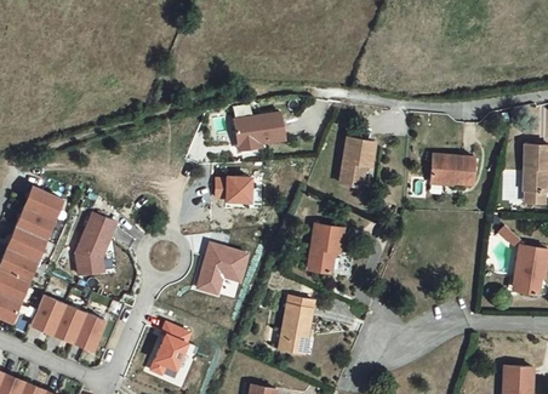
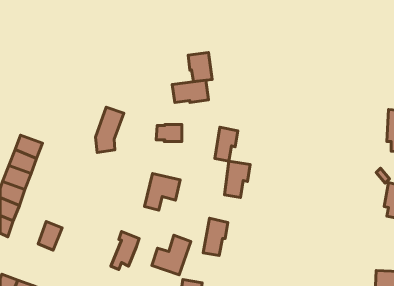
building: none -> [188,53,212,82]
building: [339,135,371,181] -> [215,127,238,161]
building: [440,154,483,188] -> none
building: [76,213,115,275] -> [95,107,124,152]
building: [30,297,63,335] -> none
building: [73,313,105,350] -> none
building: none -> [152,235,191,275]

